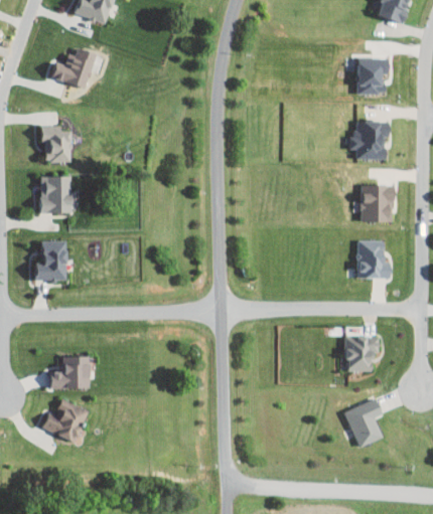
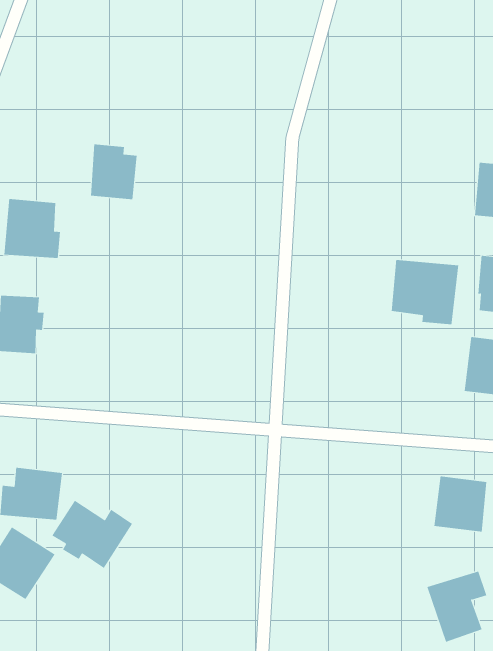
building: [43,47,95,88] -> none
building: [40,126,70,161] -> [90,144,137,200]
building: none -> [391,259,459,325]
building: none -> [51,500,133,569]

